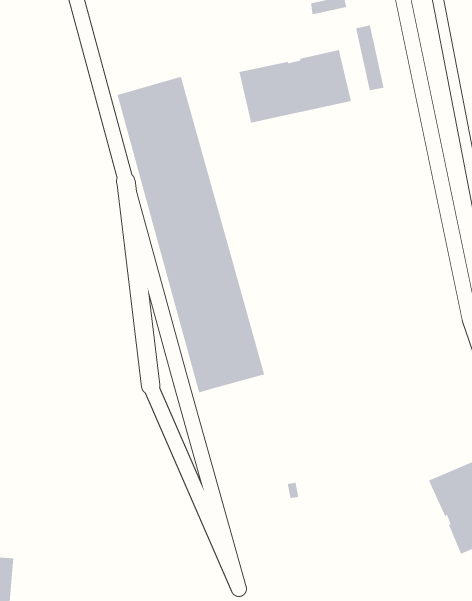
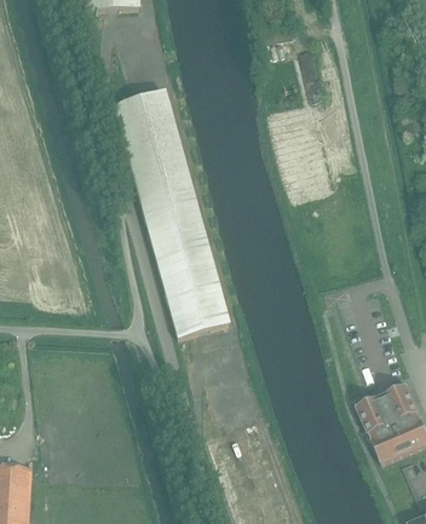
building: [238,49,352,124] -> none

